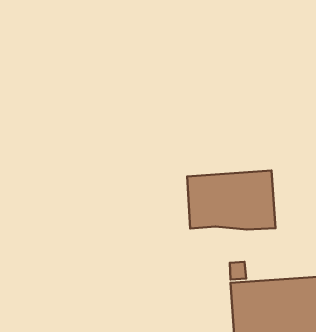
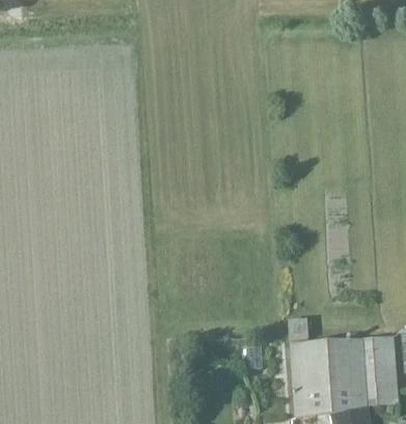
building: [187,170,276,230] -> none

